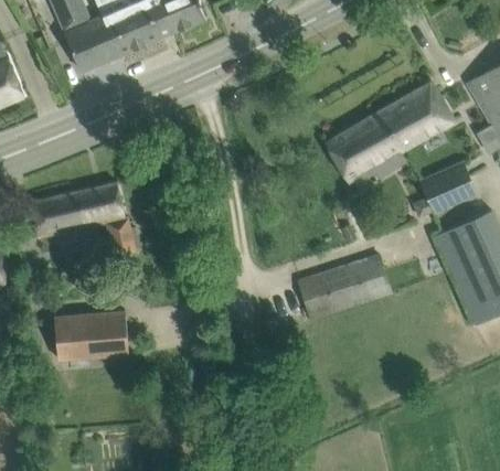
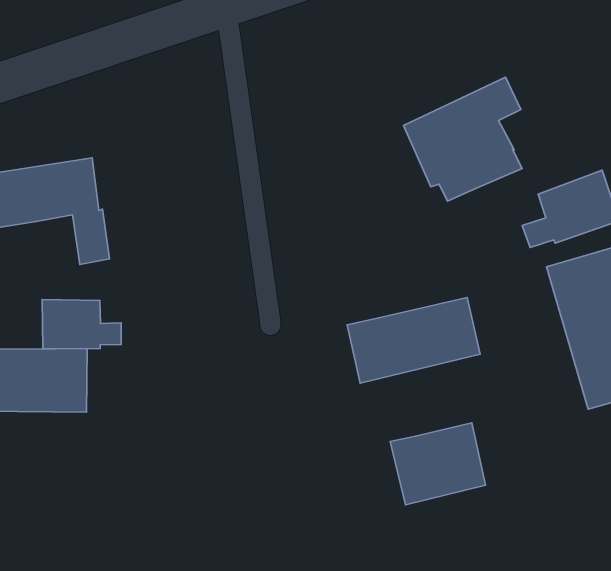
building: [390,82,455,152] -> none
building: none -> [42,299,121,349]
building: none -> [390,423,485,505]

